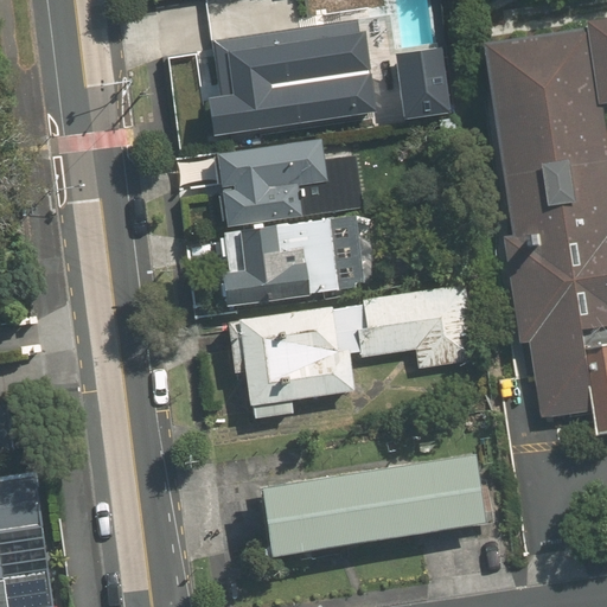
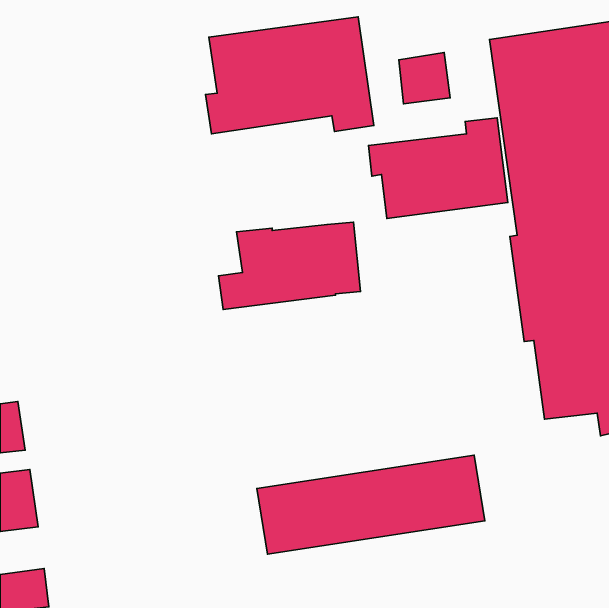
building: none -> [368,118,508,218]
building: [179,141,350,231] -> none
building: [224,288,472,417] -> none

